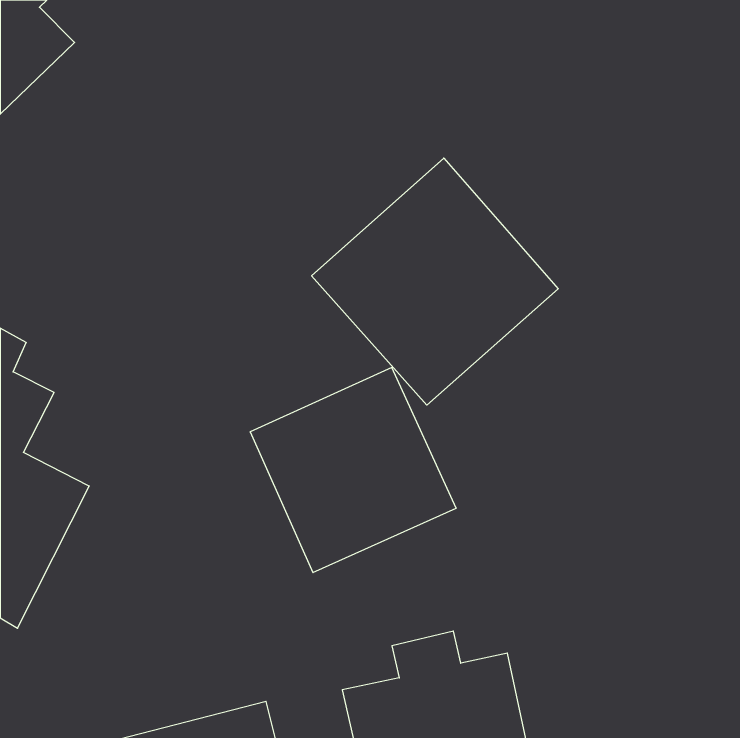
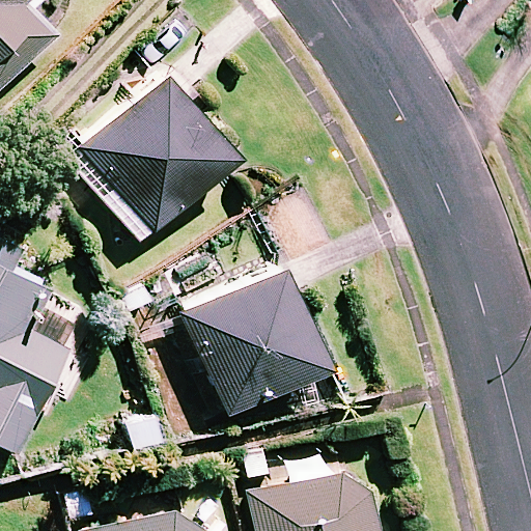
building: none -> [69,71,237,243]
building: [312,158,558,405] -> none

